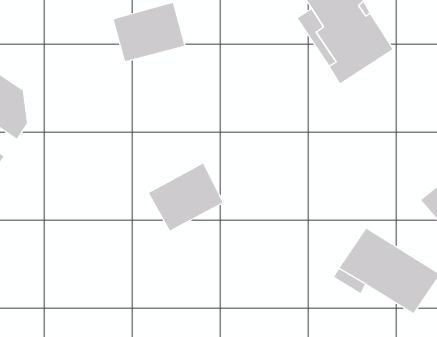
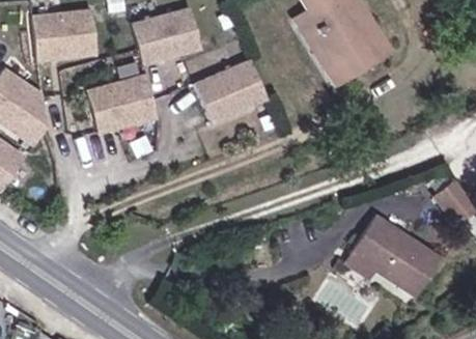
building: none -> [25,9,90,59]
building: none -> [82,73,151,130]
building: [148,163,224,231] -> [199,54,273,120]

